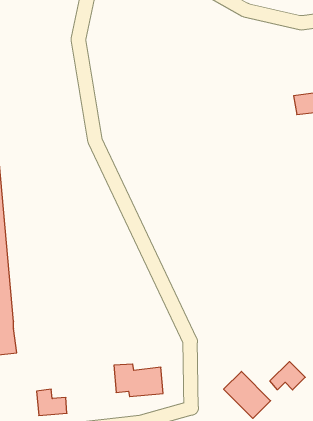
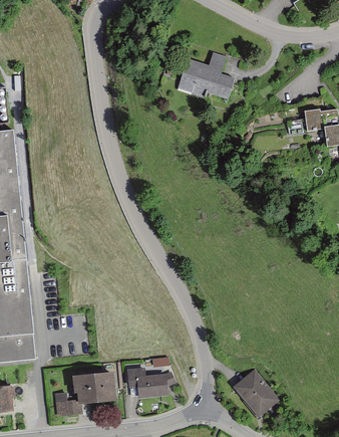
building: none -> [187,53,240,101]
building: [270,362,305,390] -> none
building: none -> [76,371,118,403]

